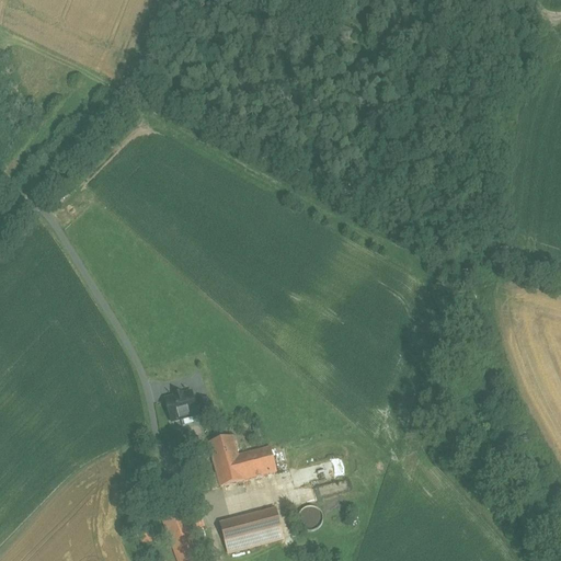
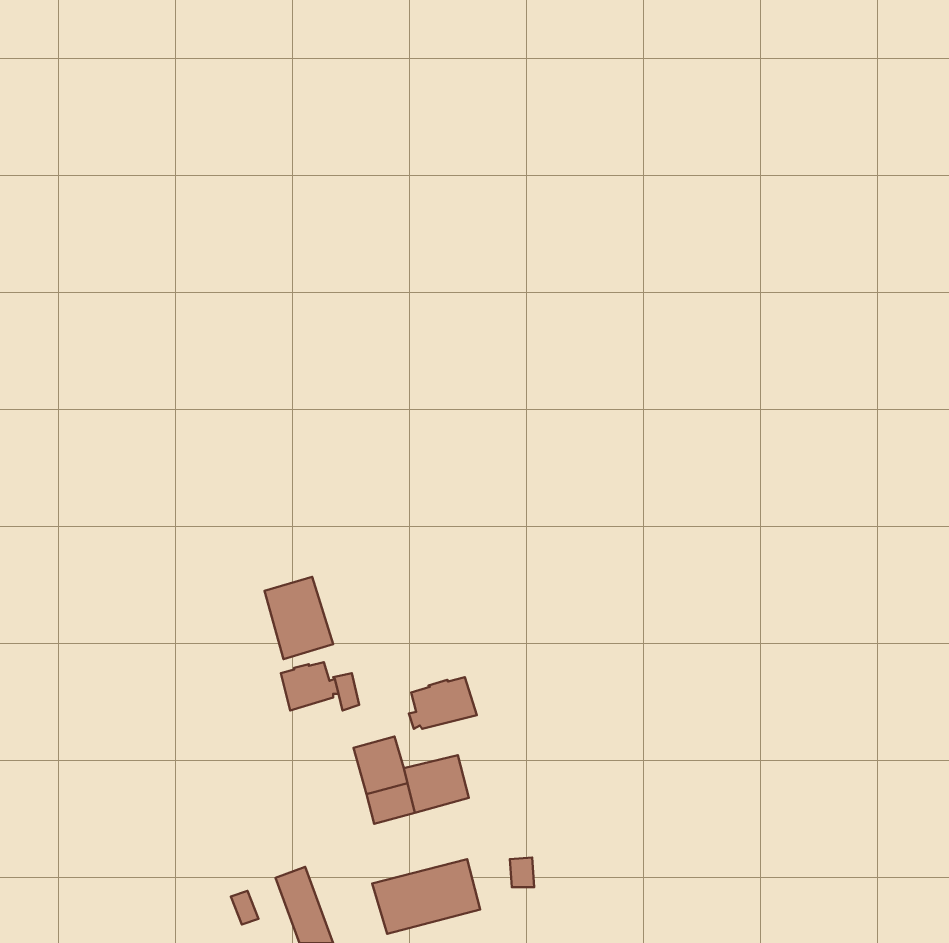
building: none -> [264,577,333,659]
building: none -> [409,677,477,729]

